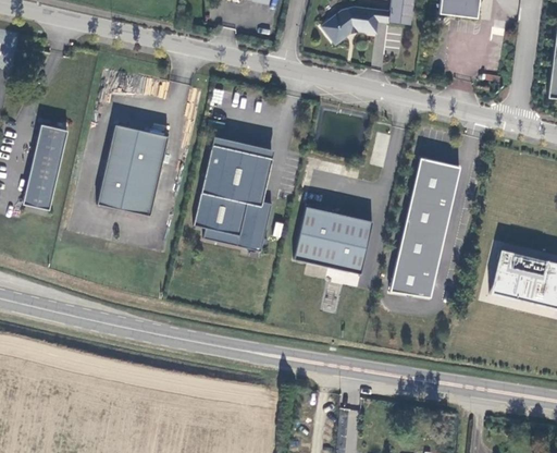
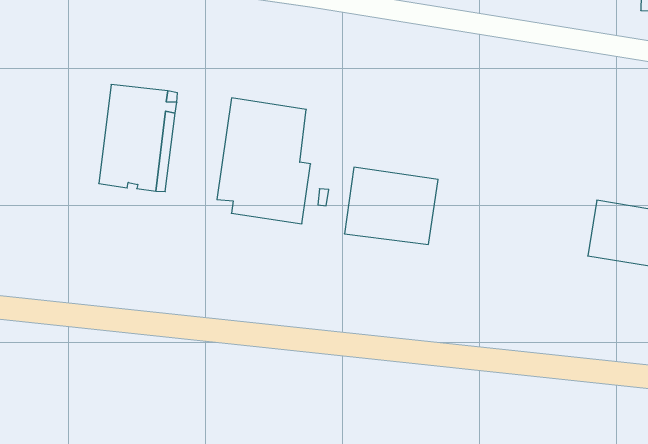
building: [25,123,70,208] -> none
building: [381,157,450,296] -> none

